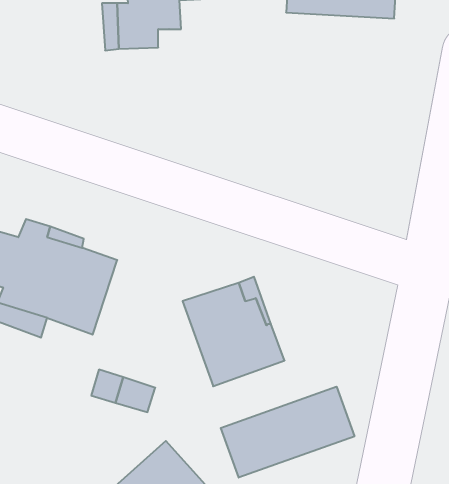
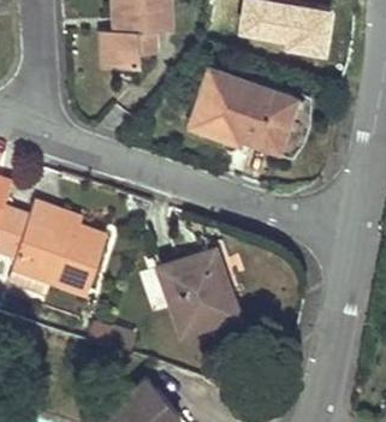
building: none -> [191,70,295,151]
building: [221,387,354,478] -> none

